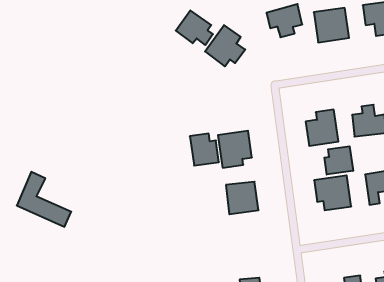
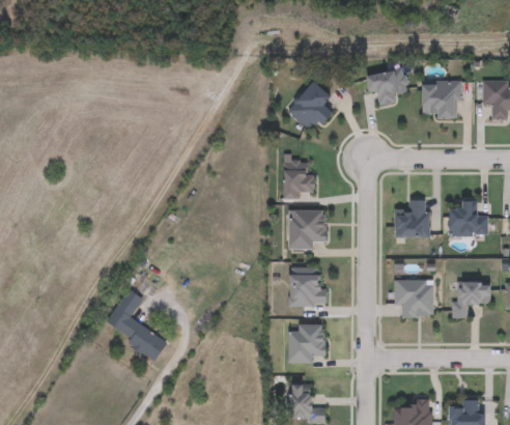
building: [176,10,213,45] -> none
building: [190,134,219,166] -> [284,163,314,198]
building: [324,146,353,175] -> none
building: [17,172,71,227] -> [104,288,167,359]
building: none -> [287,324,325,362]

